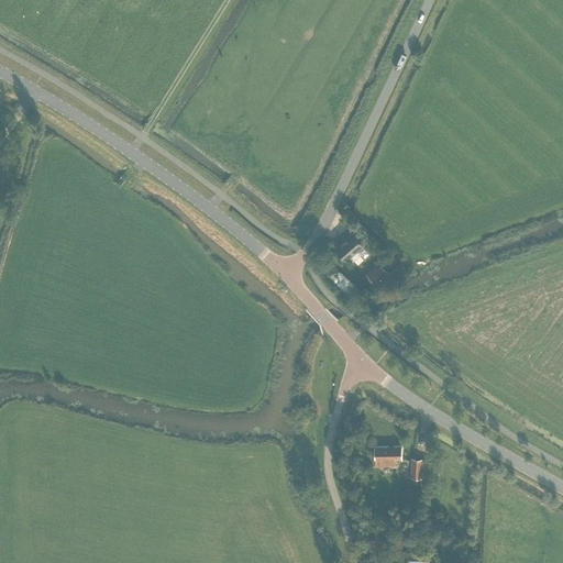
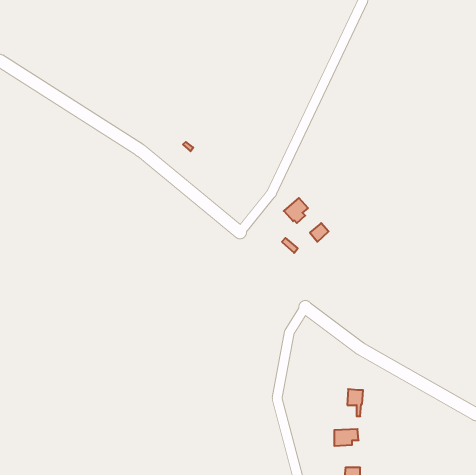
building: [373,449,401,468] -> [334,429,359,446]

